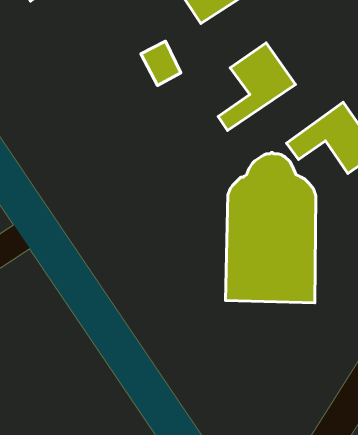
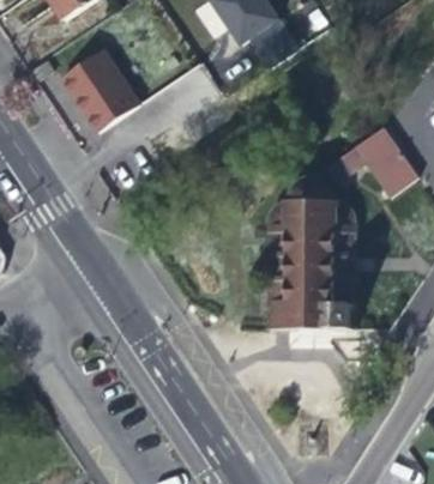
building: none -> [59,52,137,134]
building: [218,43,295,131] -> none

